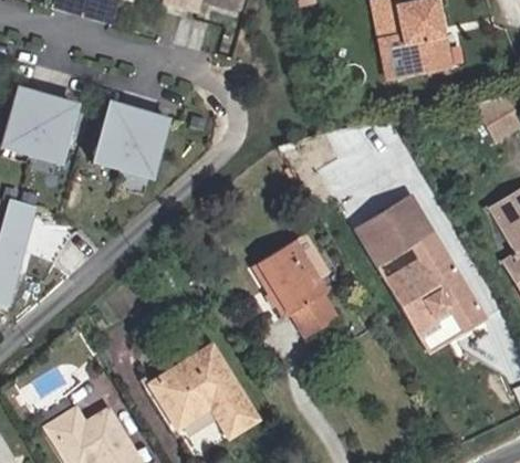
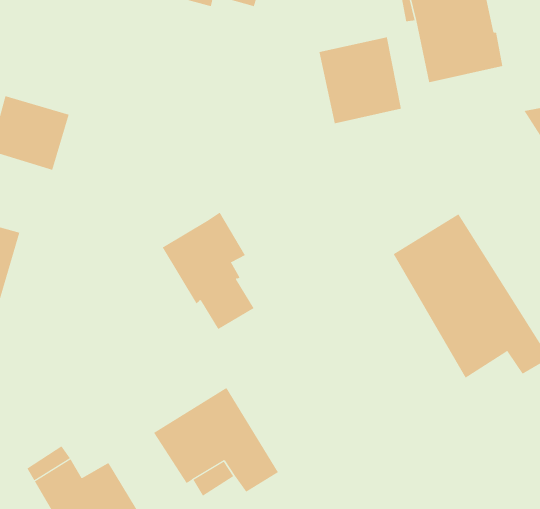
building: none -> [319,37,402,124]
building: [95,106,165,170] -> none
building: [257,233,337,336] -> [162,212,255,330]

